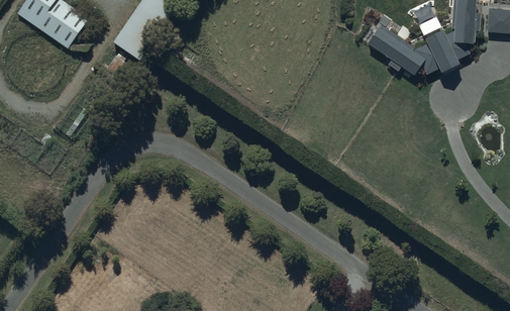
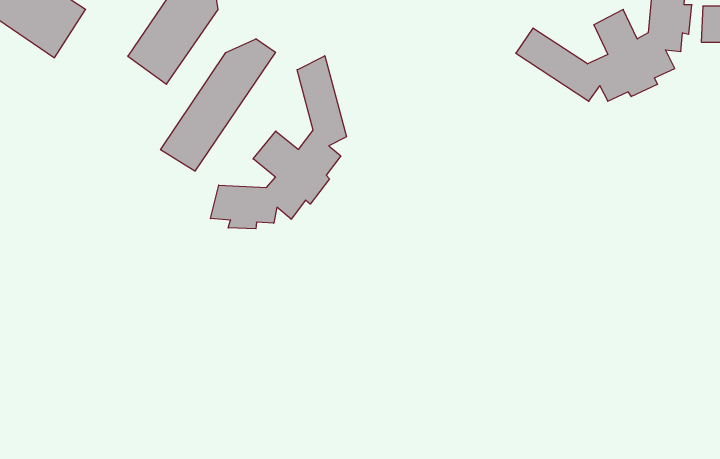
building: none -> [161,39,276,171]
building: none -> [210,56,346,229]

